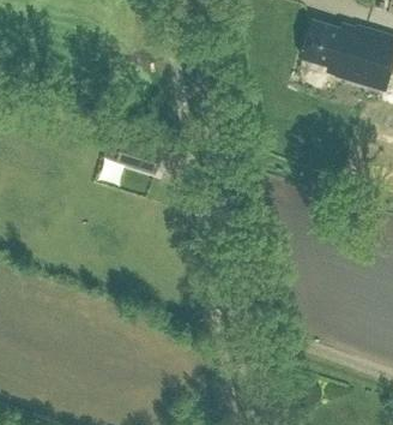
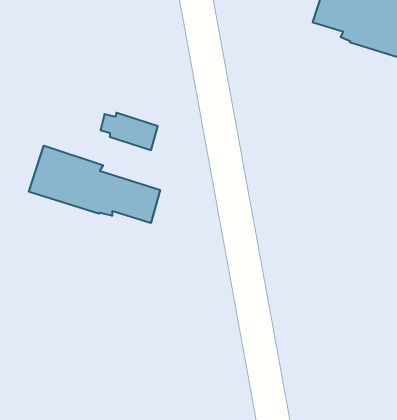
building: none -> [29,146,160,223]

